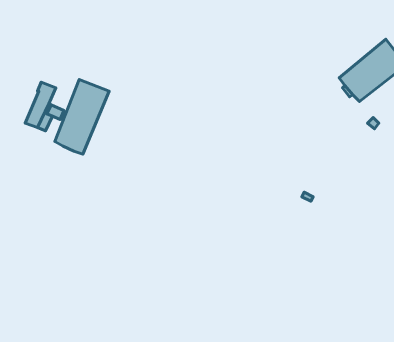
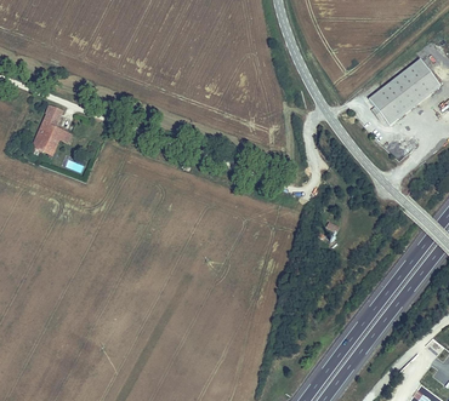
building: [55,79,109,154] -> none

